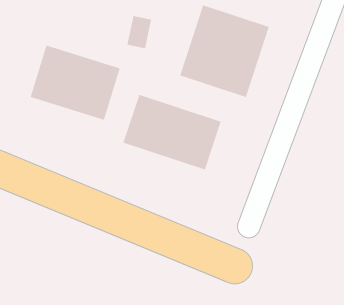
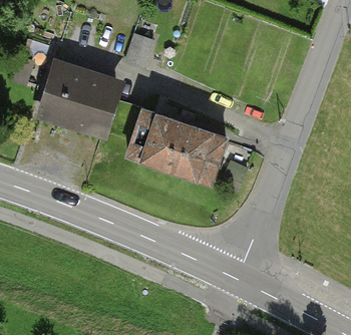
building: [179,4,270,98] -> none

